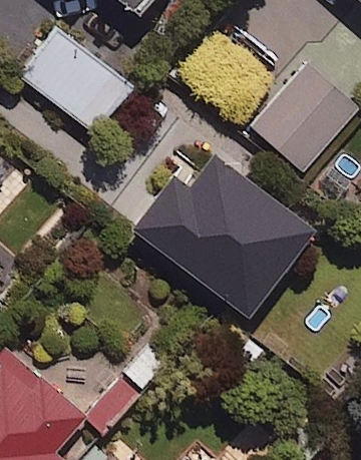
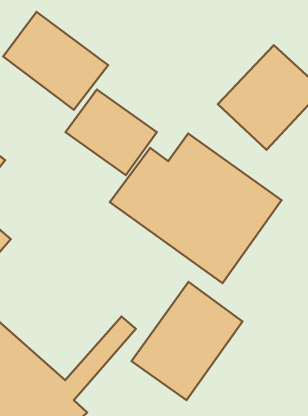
building: none -> [66,90,157,175]
building: none -> [132,282,243,400]

